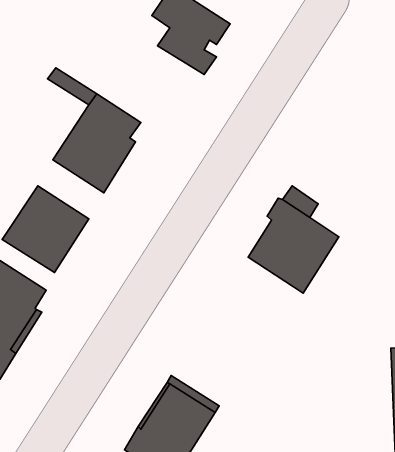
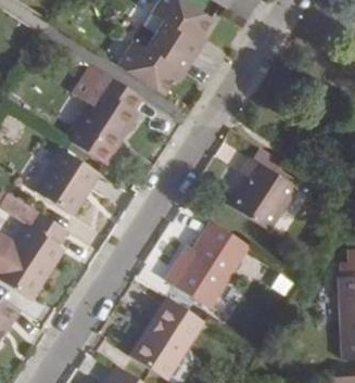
building: none -> [117,37,191,94]
building: none -> [169,220,250,309]

